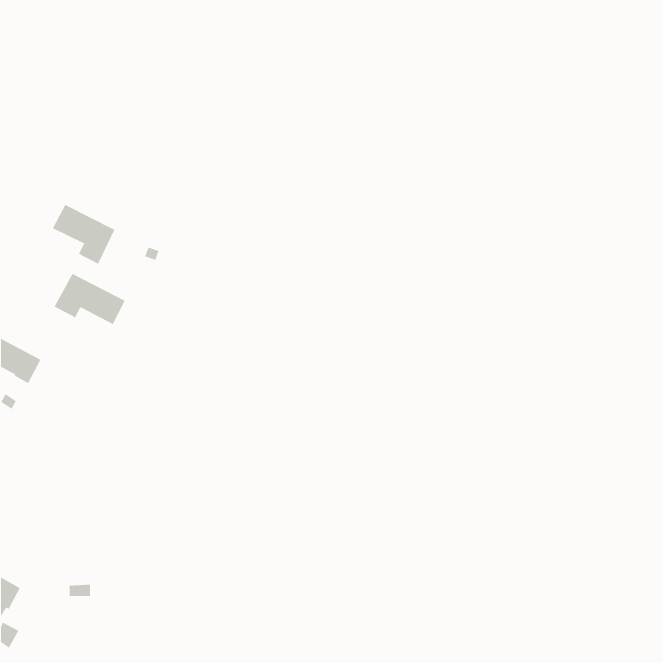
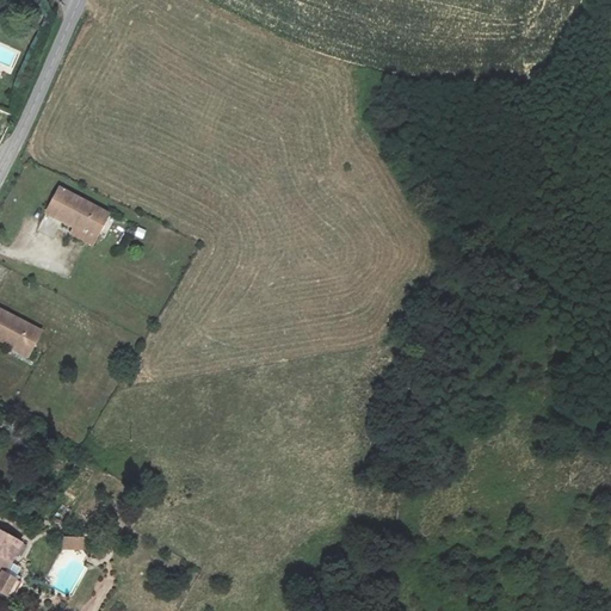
building: [54,273,126,325] -> none

